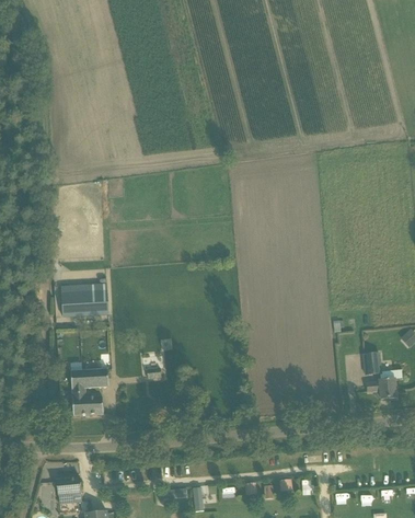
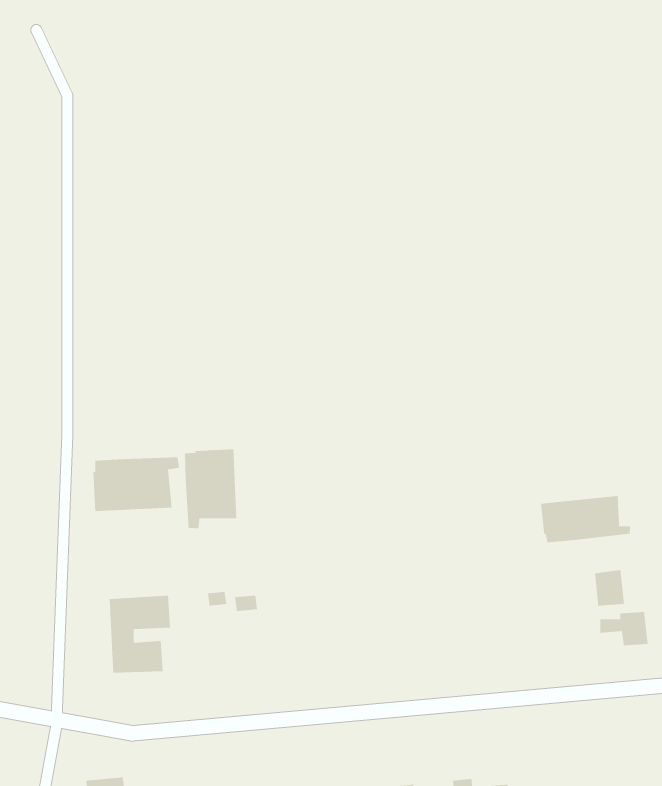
building: none -> [185,449,237,529]
building: none -> [540,495,631,543]

